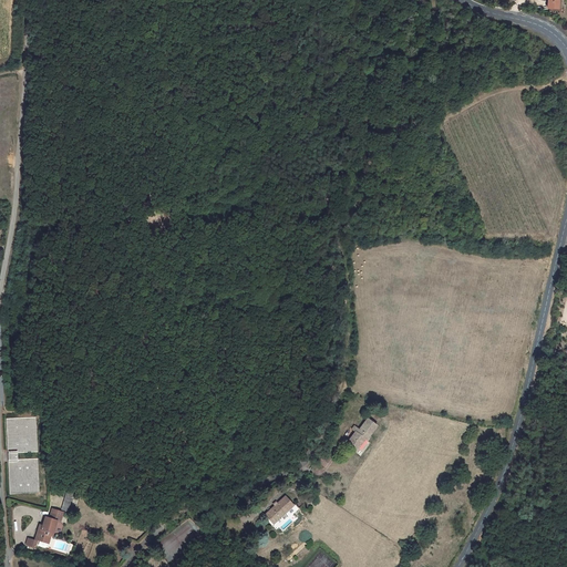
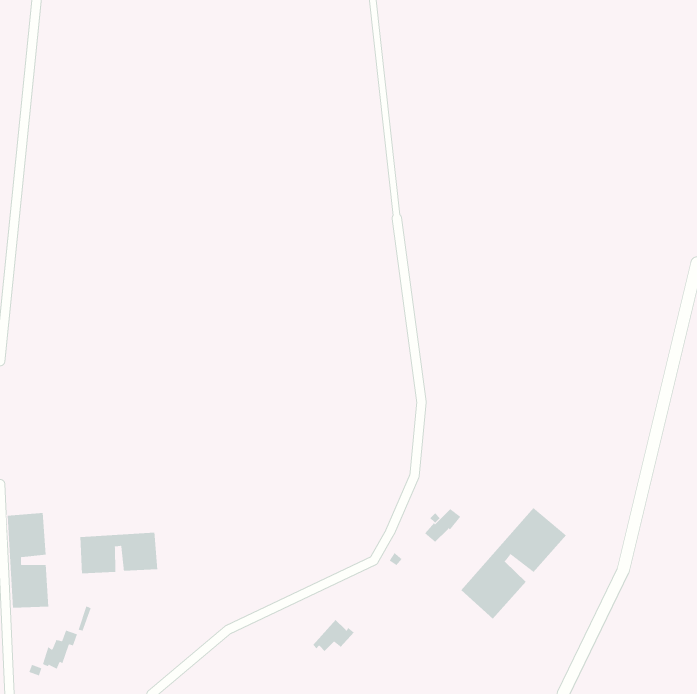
building: none -> [460,507,567,620]
building: none -> [80,532,158,574]

